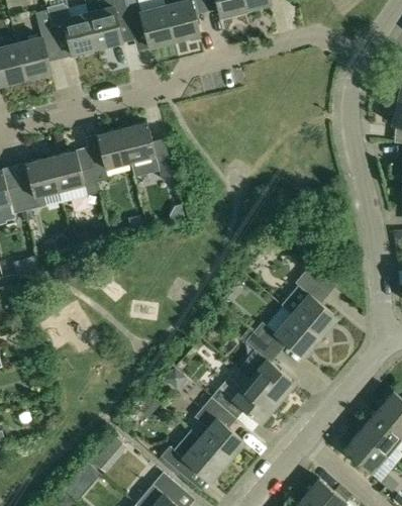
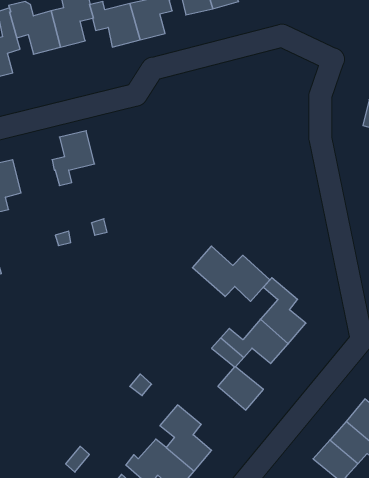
building: [122,123,173,179] -> none
building: [51,151,99,195] -> none
building: none -> [192,246,270,301]
building: [211,377,278,422] -> none

